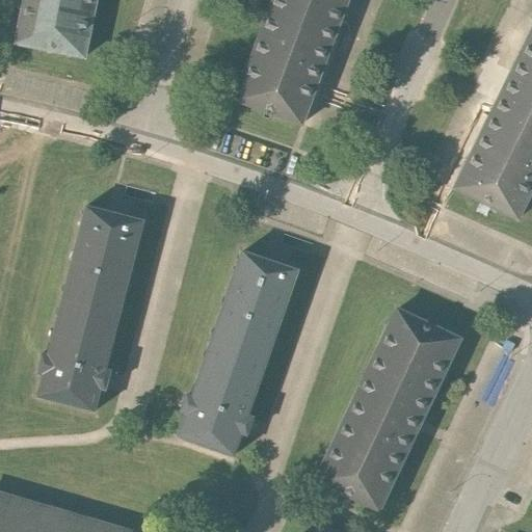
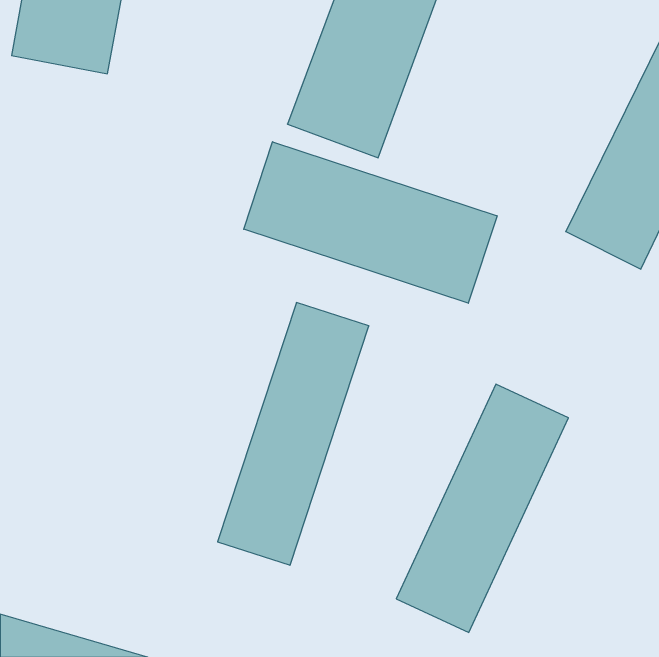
building: none -> [244,142,497,303]
building: [39,207,142,409] -> none

